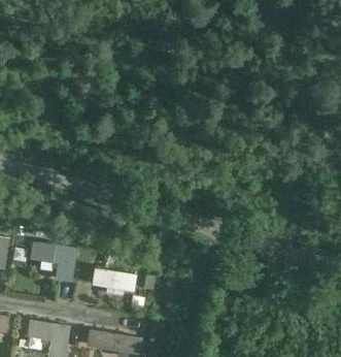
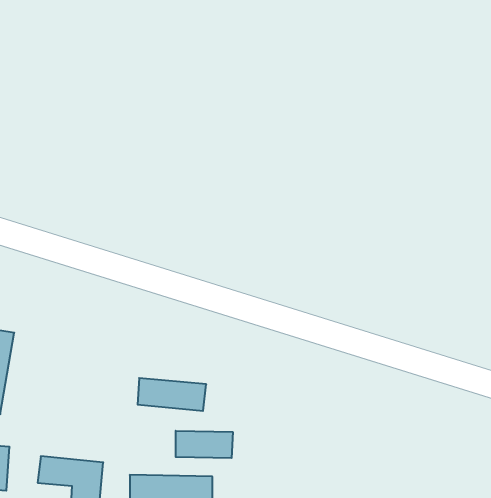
building: [29,240,76,282] -> none
building: none -> [176,431,233,458]

